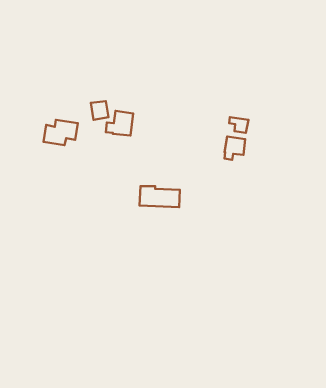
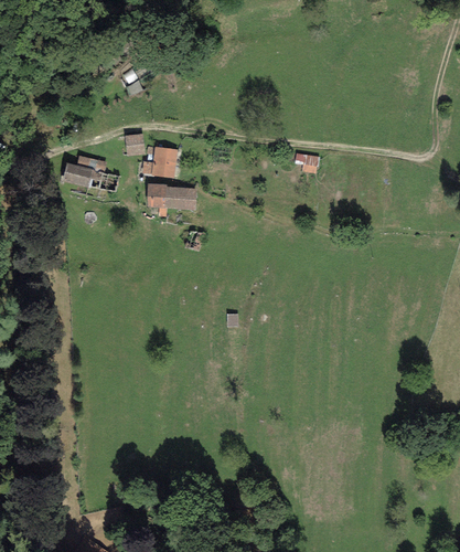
building: [224,137,245,160] -> none
building: [139,186,180,207] -> [147,183,197,210]

